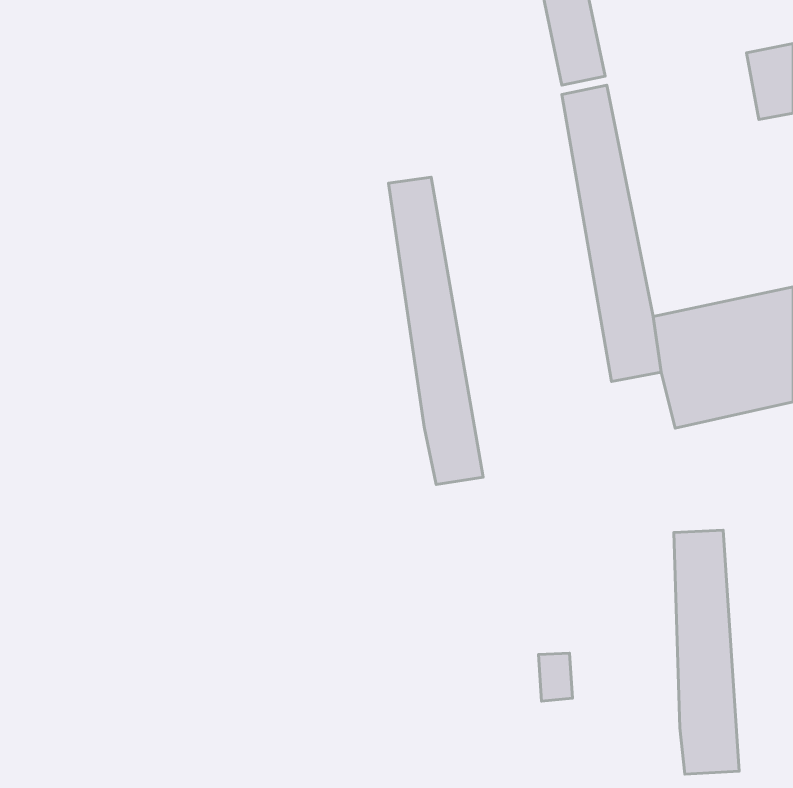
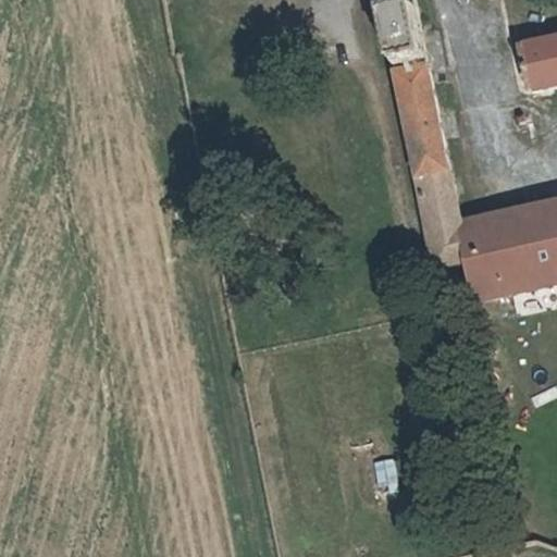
building: [388,177,483,484] -> none
building: [674,530,739,774] -> none

